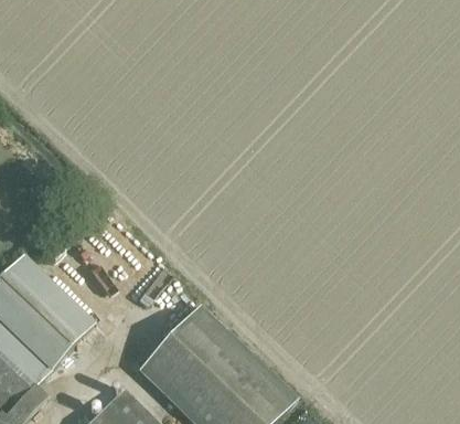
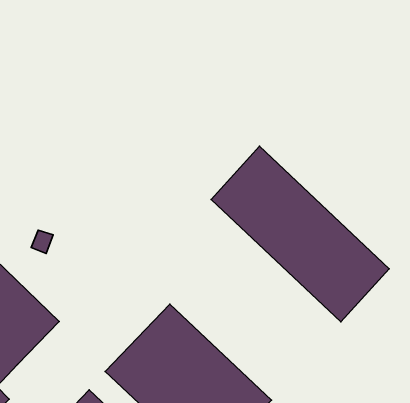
building: none -> [211,146,389,322]

